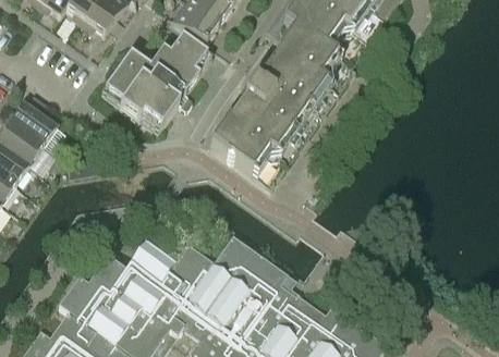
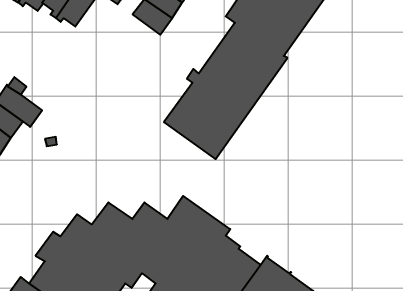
building: [104,33,210,126] -> none

